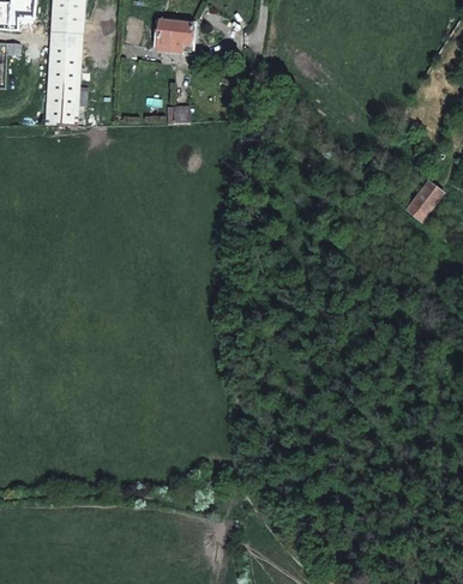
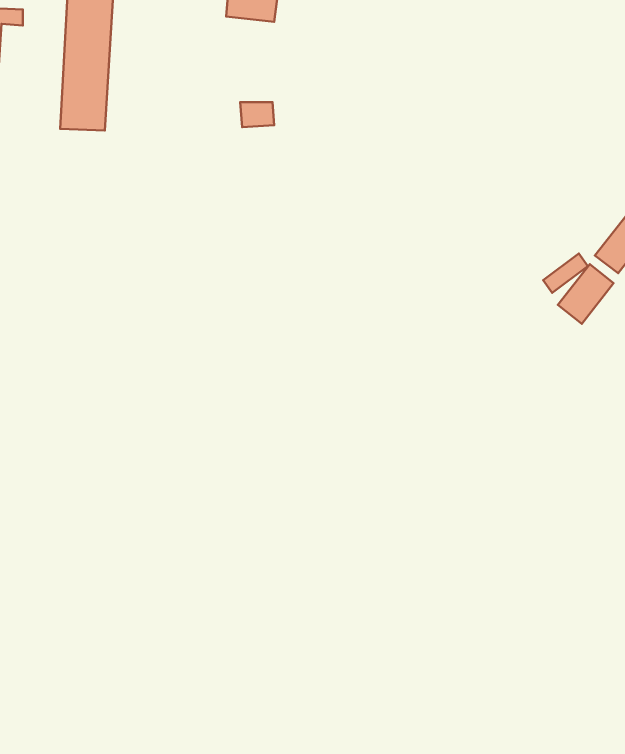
building: none -> [558,264,614,324]

